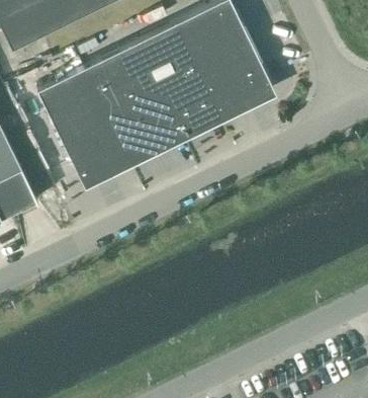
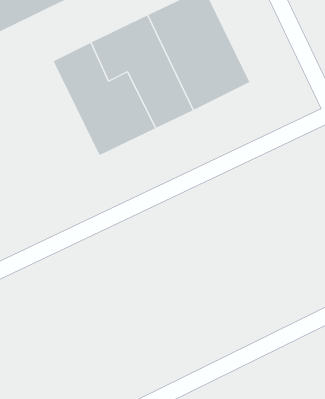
building: [37,68,130,182] -> none

